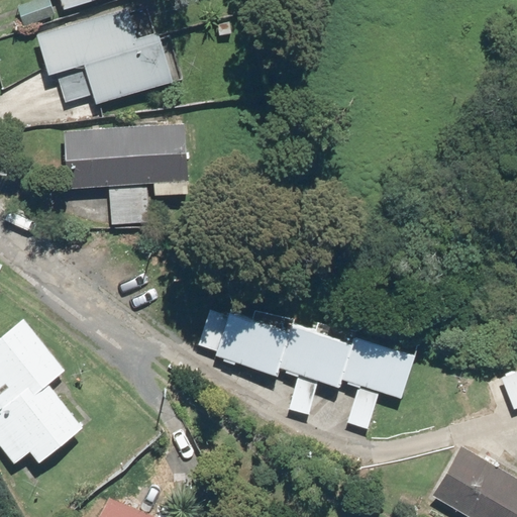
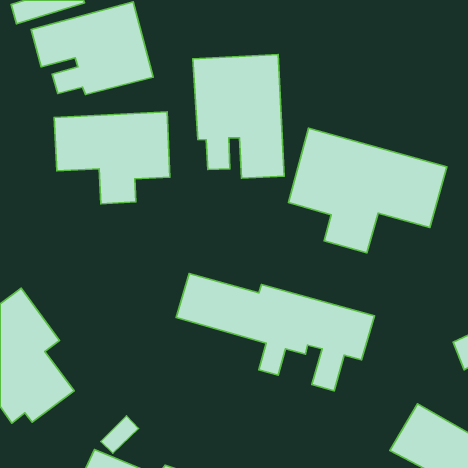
building: none -> [193,55,284,178]
building: none -> [288,128,447,253]

